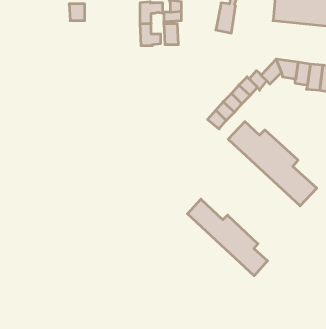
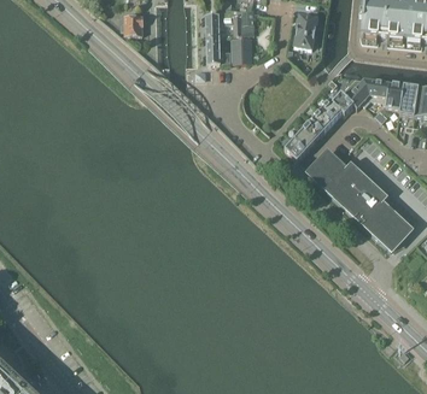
building: [187,199,268,276] -> none

